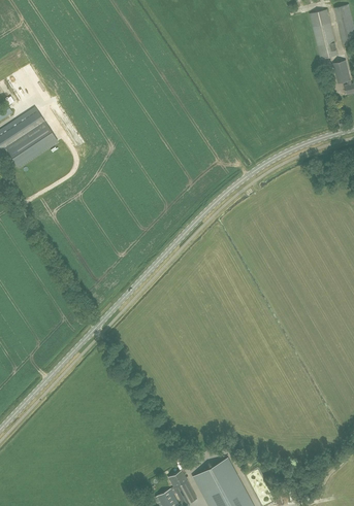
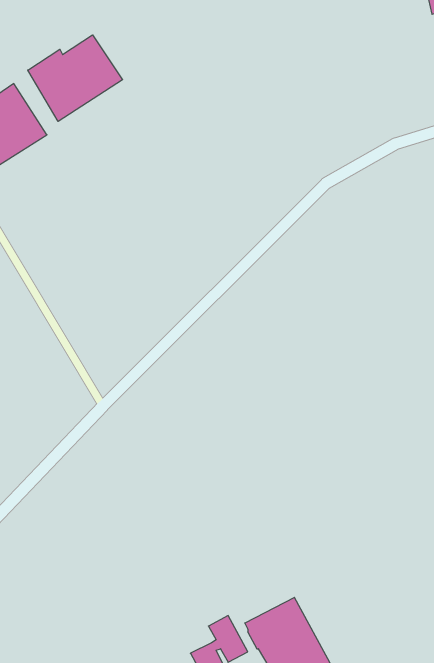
building: none -> [28,35,123,121]

